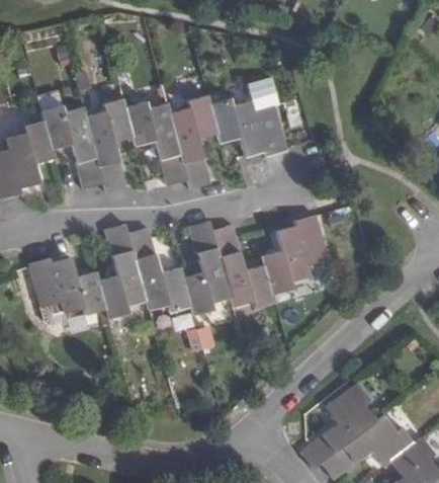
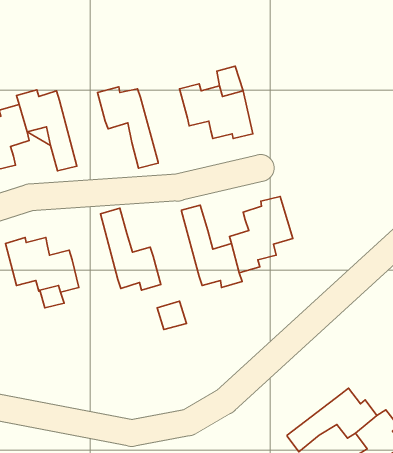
building: [169,94,217,189] -> none
building: [85,98,133,192] -> none
building: [182,220,230,316] -> none
building: [98,224,146,319] -> none
building: [299,382,376,468] -> none

